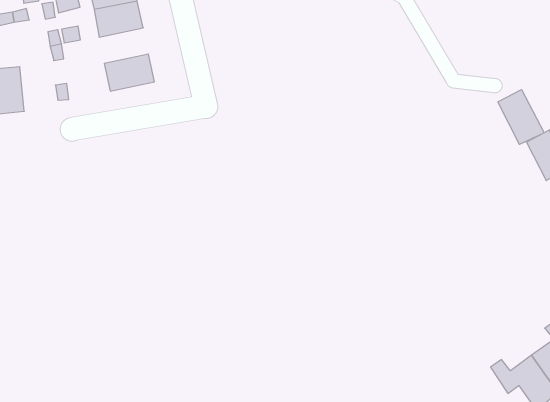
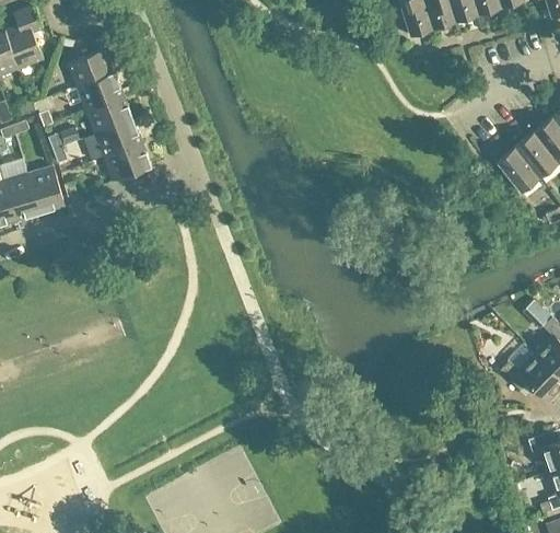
building: none -> [95,118,142,157]
building: none -> [28,165,65,212]
building: [498,90,544,144] -> none

